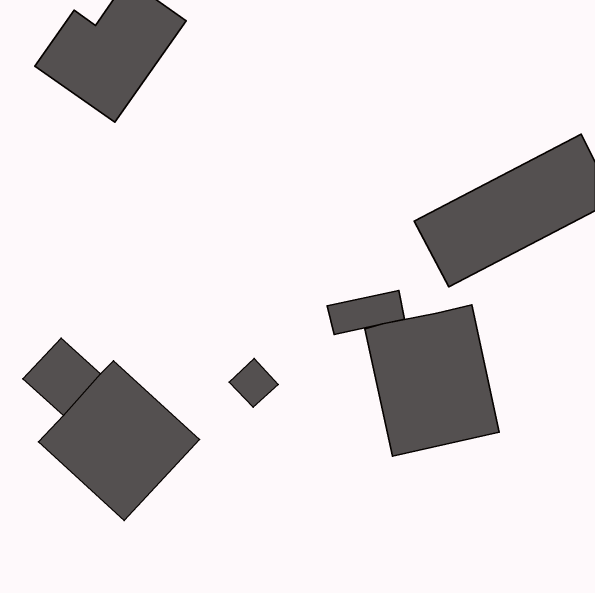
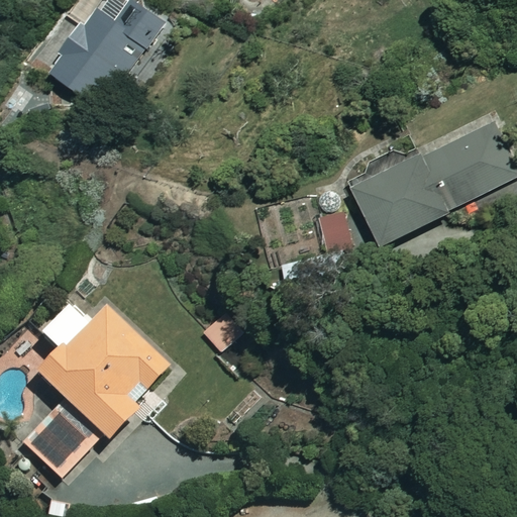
building: [365,305,499,456] -> none
building: none -> [20,405,96,481]

